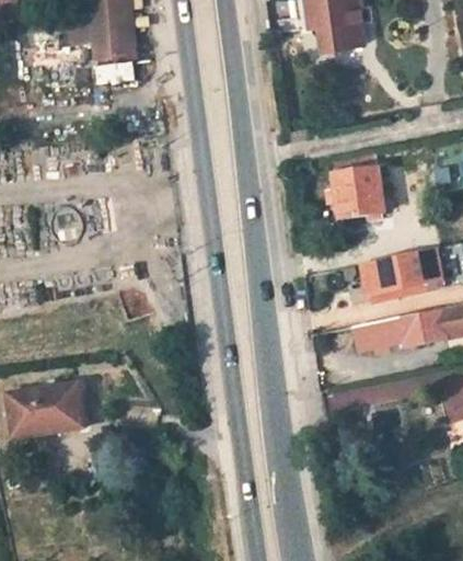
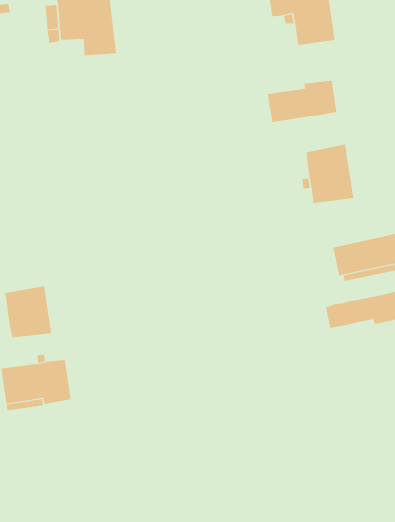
building: none -> [267,80,337,123]
building: none -> [5,286,52,338]

